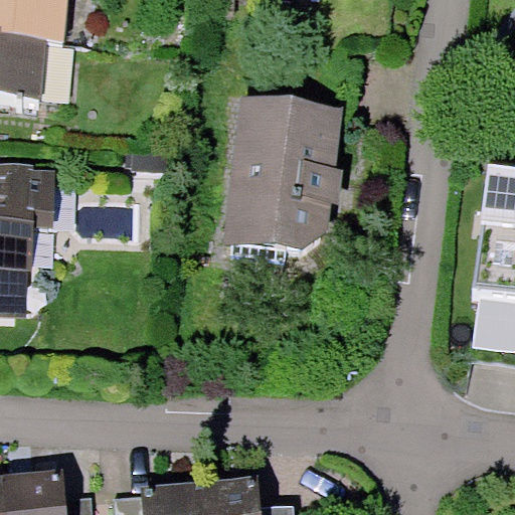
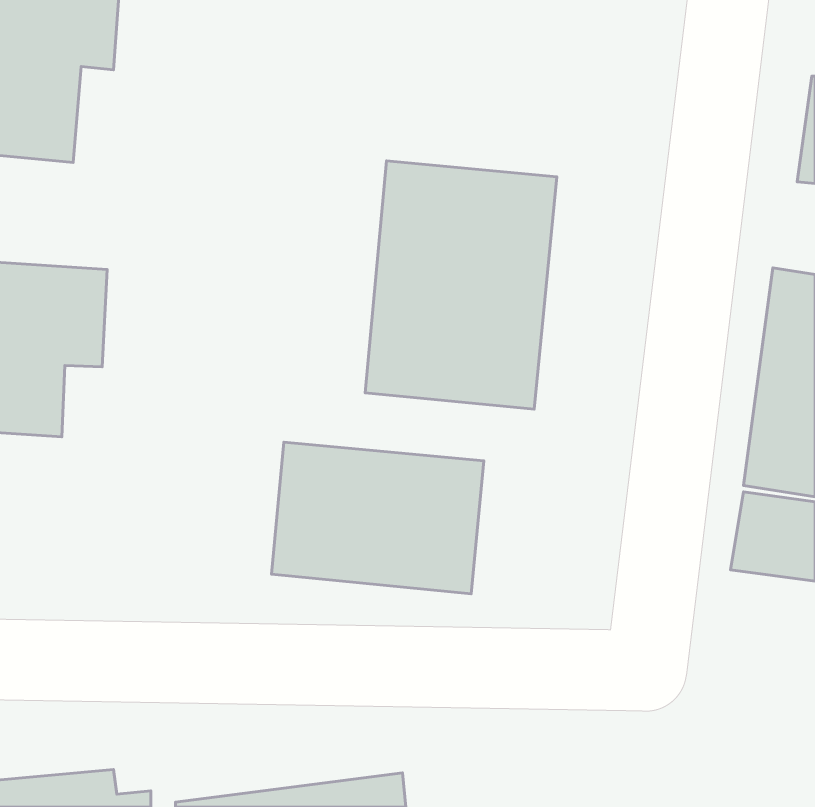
building: none -> [271,442,484,594]

